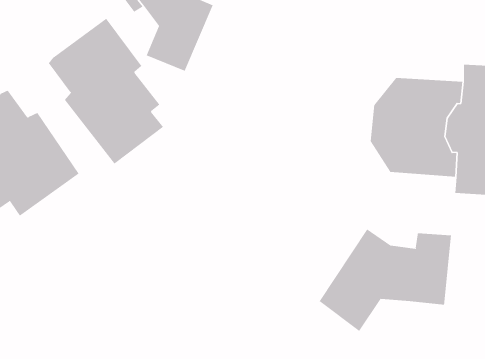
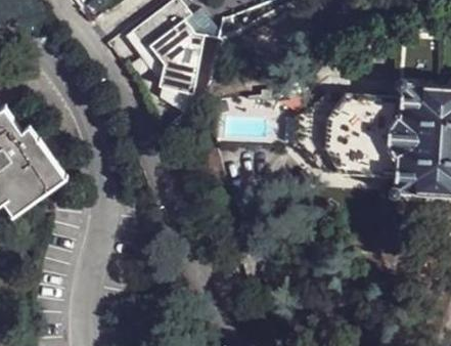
building: [48,18,164,164] -> none
building: [319,228,452,332] -> none

